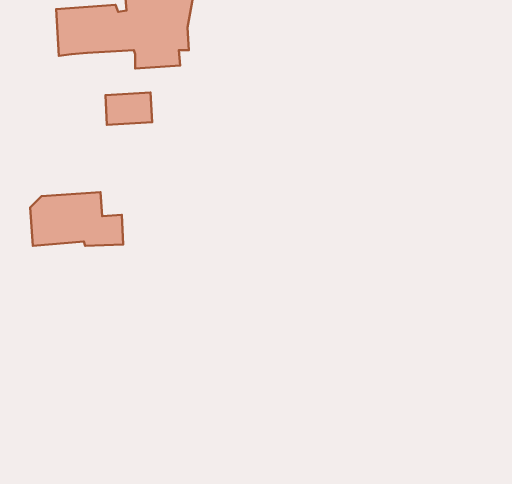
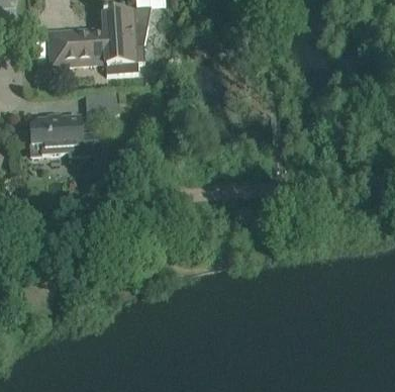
building: [30,192,123,246] -> [29,115,96,154]

